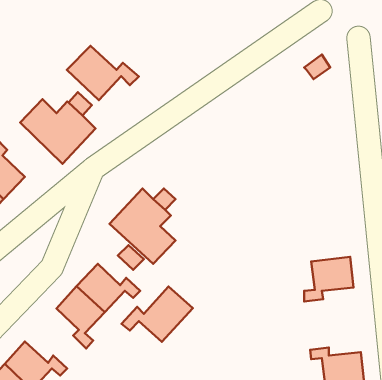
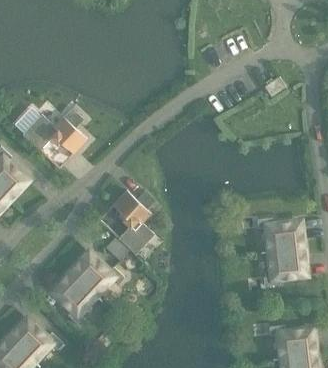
building: [67,46,139,100] -> none
building: none -> [253,216,299,250]
building: [122,286,193,342] -> none

